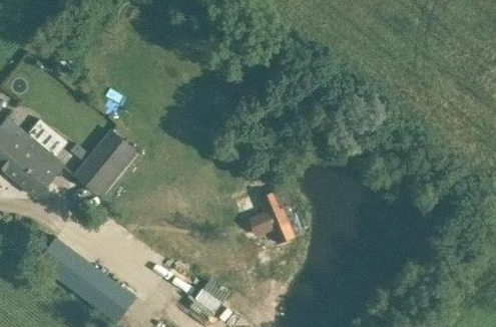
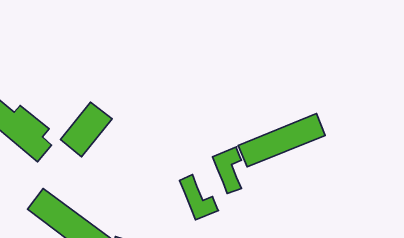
building: none -> [238,114,325,167]
building: none -> [179,174,219,220]

